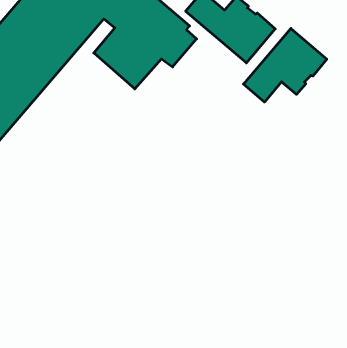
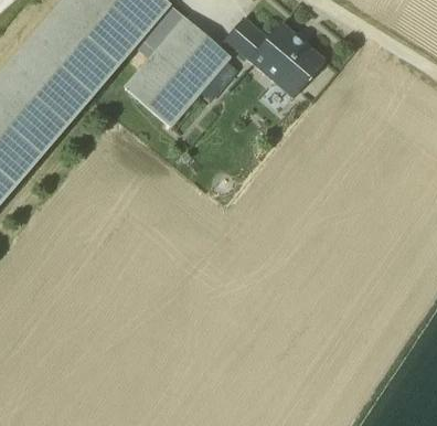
building: [243,28,327,102] -> none

